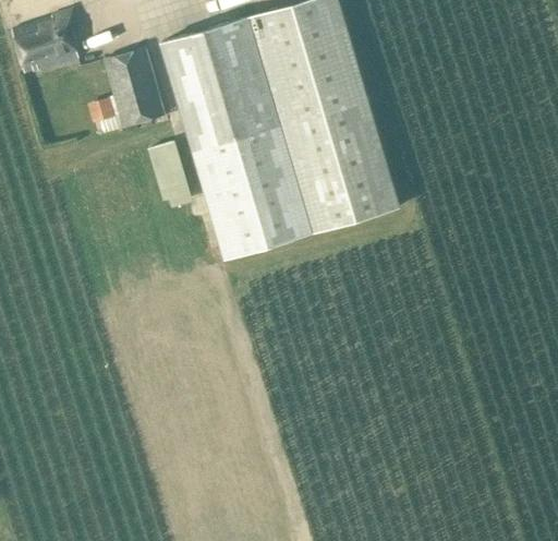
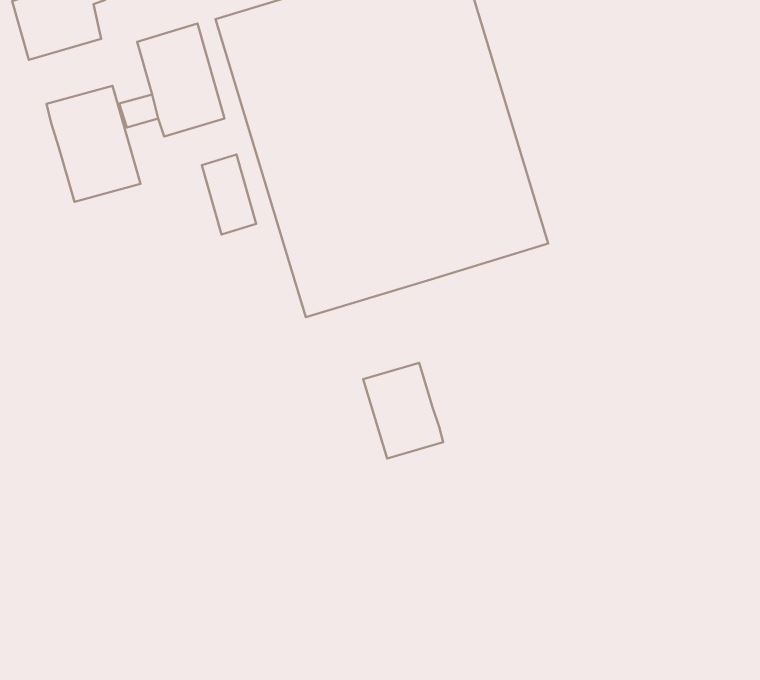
building: none -> [47,86,140,202]
building: none -> [363,363,443,459]

